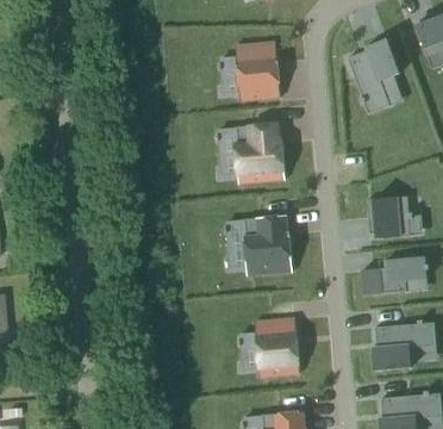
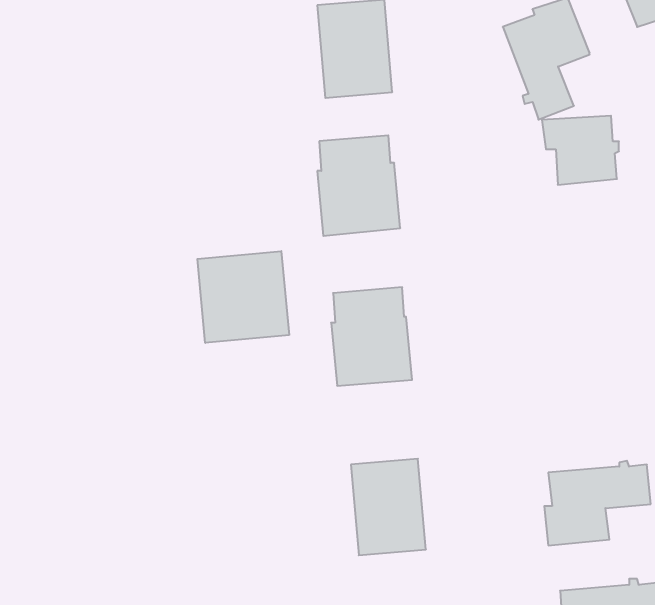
building: none -> [197,251,289,343]
building: [366,197,412,238] -> [542,116,619,185]
building: [361,256,429,294] -> none

